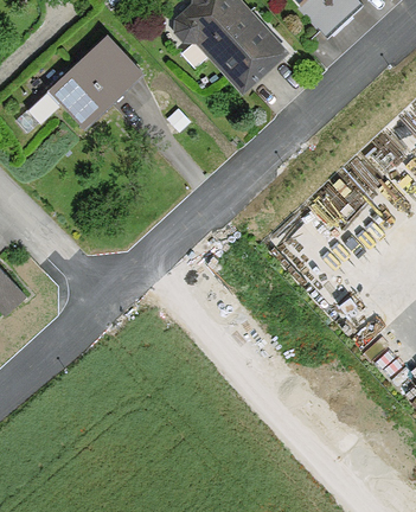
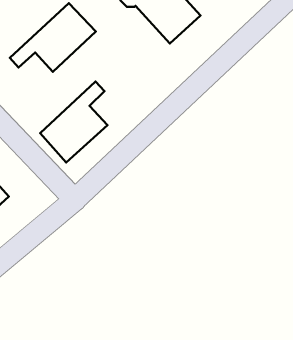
building: none -> [40,82,107,163]

